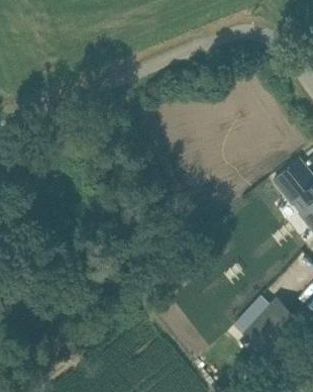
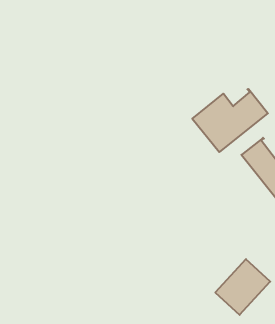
building: none -> [192,89,268,152]

